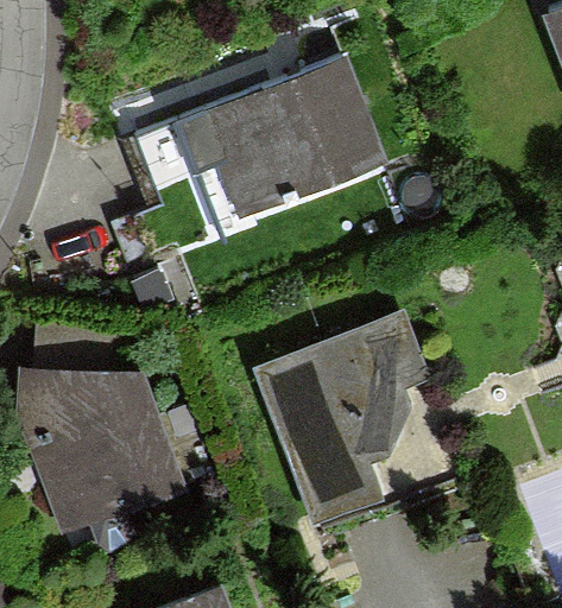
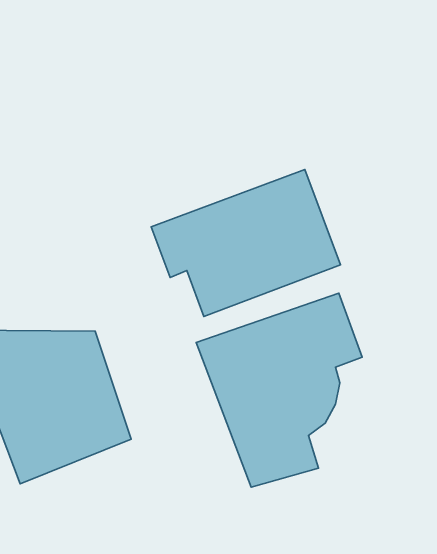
building: [181,58,381,214] -> [151,170,341,317]

